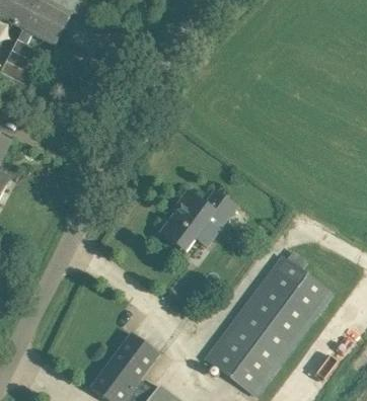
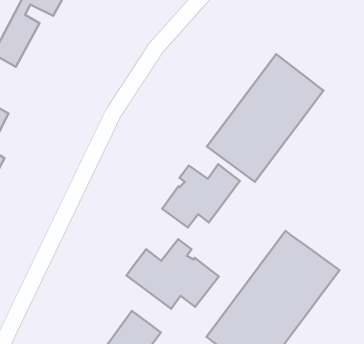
building: none -> [207,54,324,182]
building: none -> [127,239,219,309]

